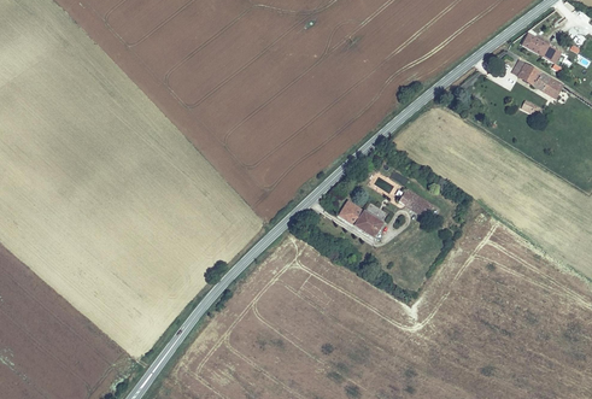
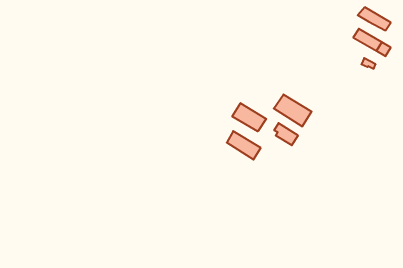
building: none -> [274,94,312,127]
building: none -> [232,103,266,131]

